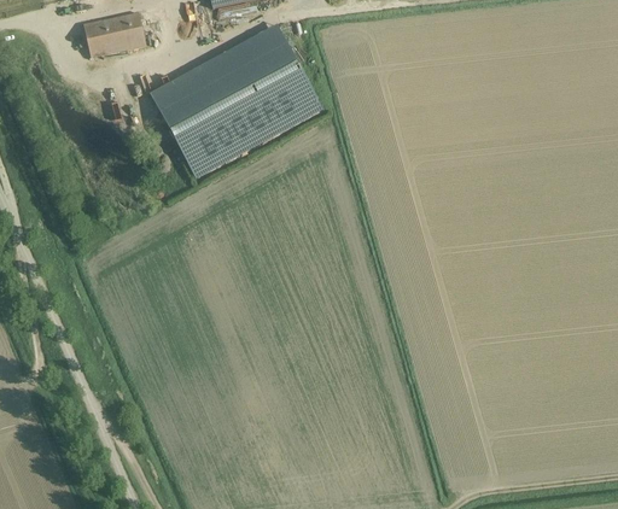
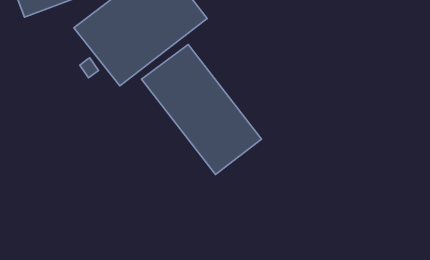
building: none -> [141,44,261,175]

